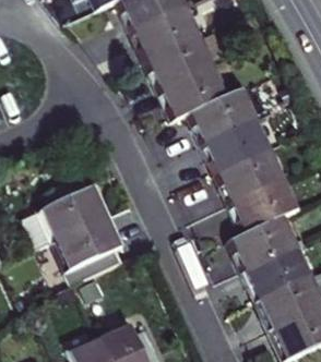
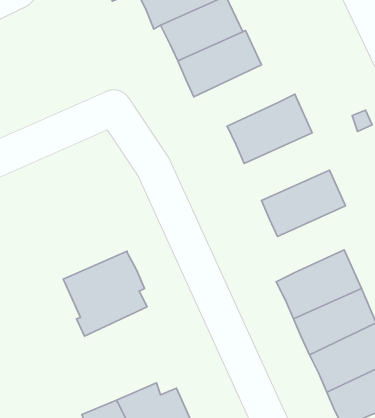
building: [159,63,229,119] -> none
building: [201,119,271,174] -> none
building: [20,176,105,248] -> none
building: [228,179,297,233] -> none

